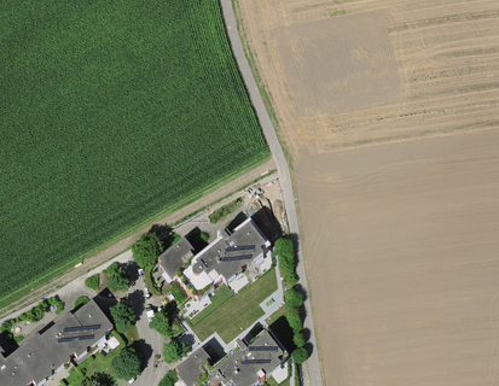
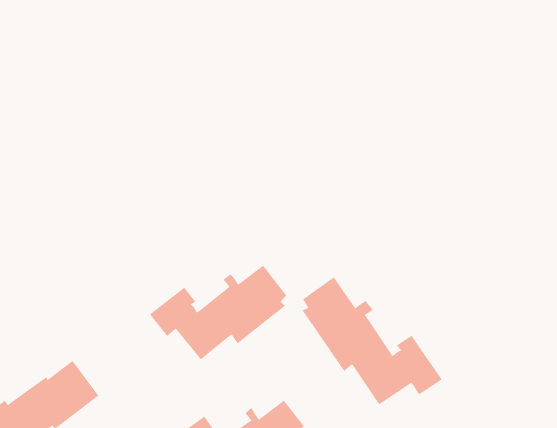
building: none -> [302,276,442,405]

